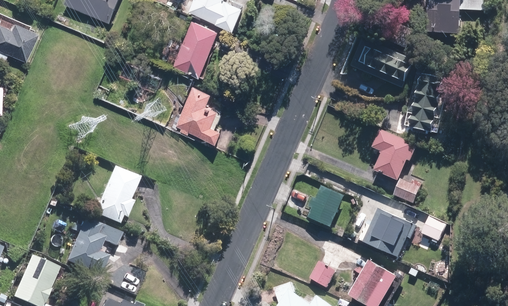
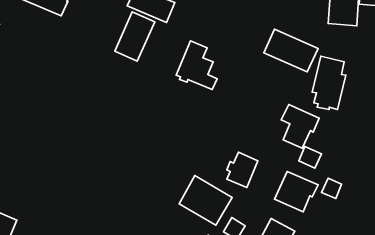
building: [175,85,224,143] -> [176,41,217,90]
building: [91,166,137,225] -> none
building: none -> [179,176,232,225]
building: [63,218,119,276] -> none

